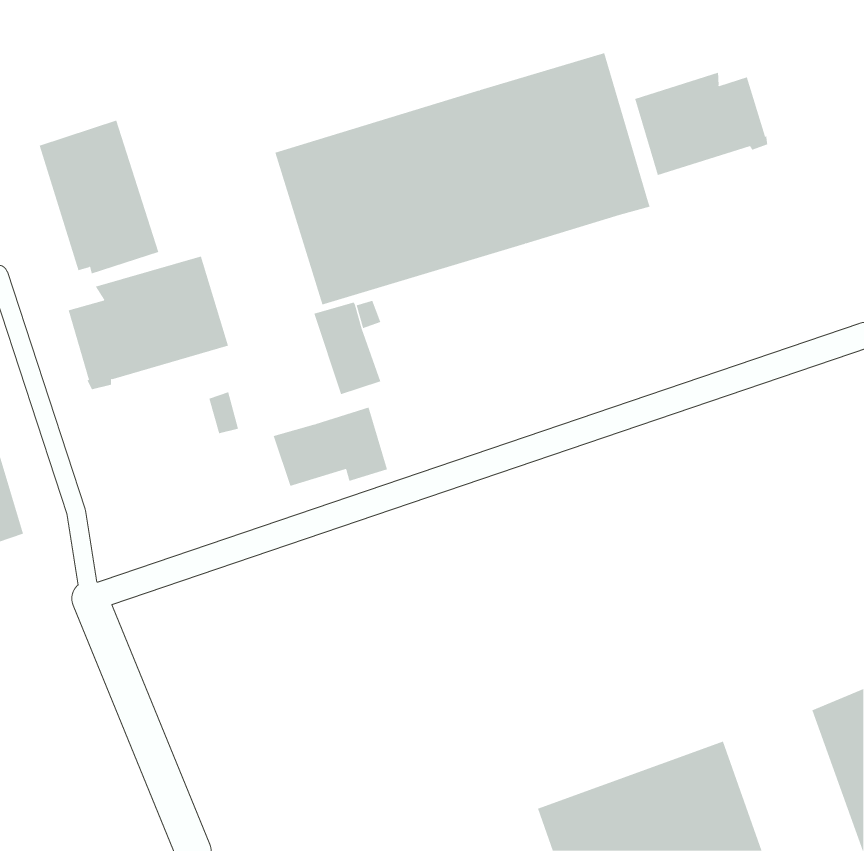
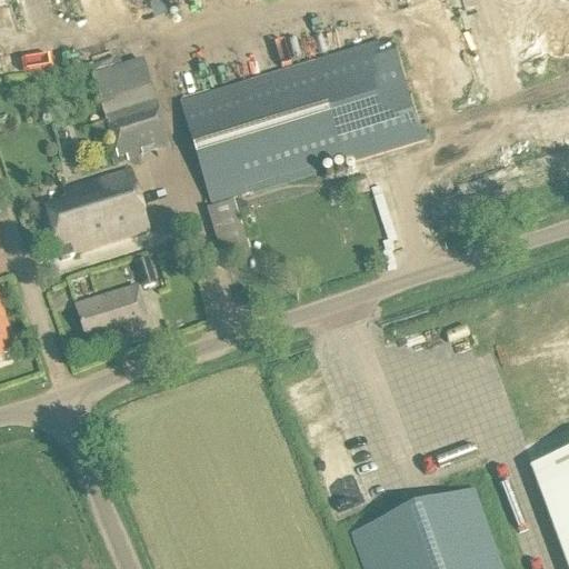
building: [634,72,768,176] -> none
building: [39,120,159,274] -> [92,57,171,158]
building: [273,407,388,487] -> [74,283,150,336]

